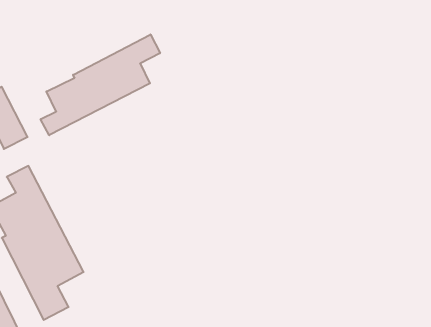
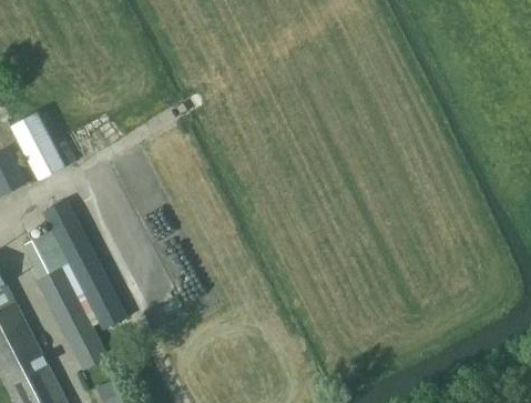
building: [41,34,160,135] -> none

